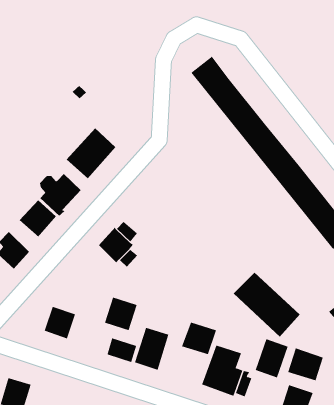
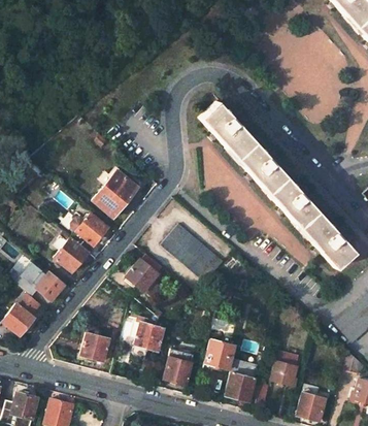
building: [233,272,301,338] -> [162,224,224,282]
building: [107,338,137,363] -> none
building: [287,348,324,381] -> none

